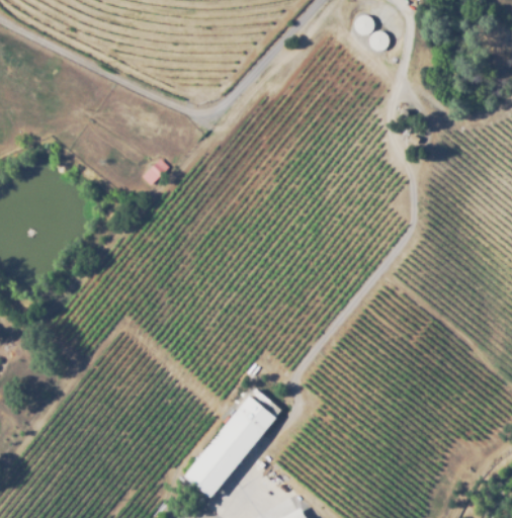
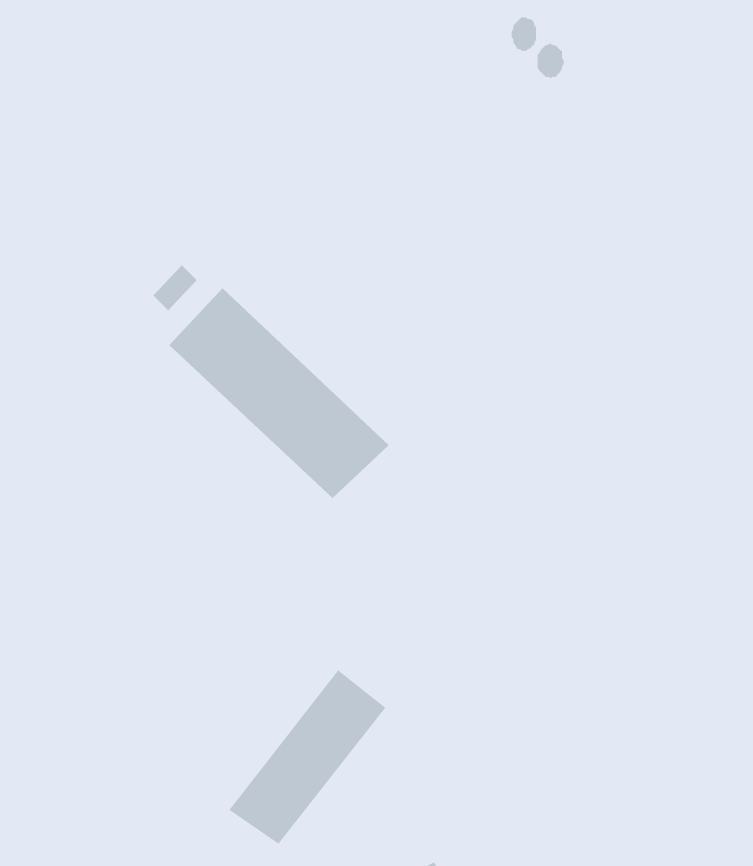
building: none -> [168,288,389,499]

